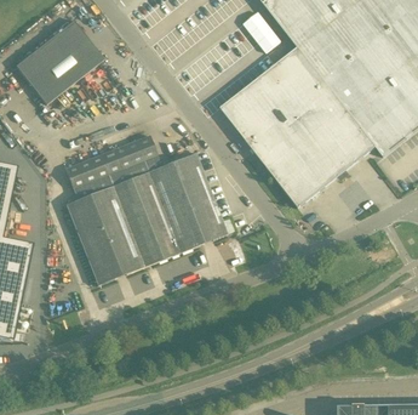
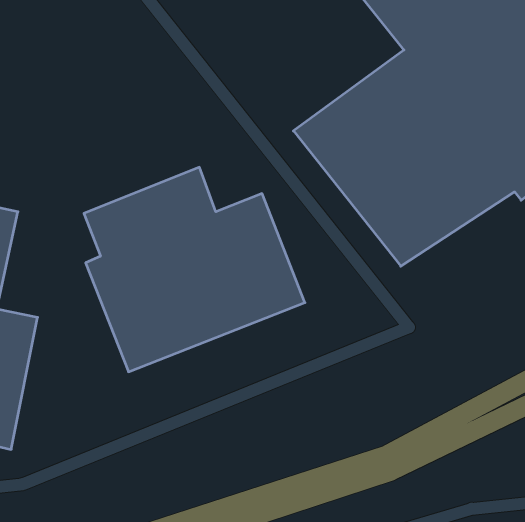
building: [16,18,104,102] -> none

